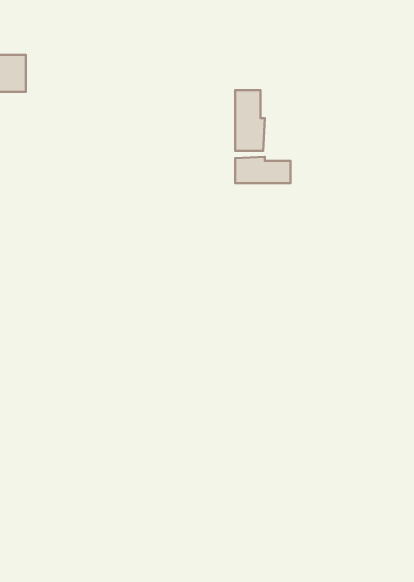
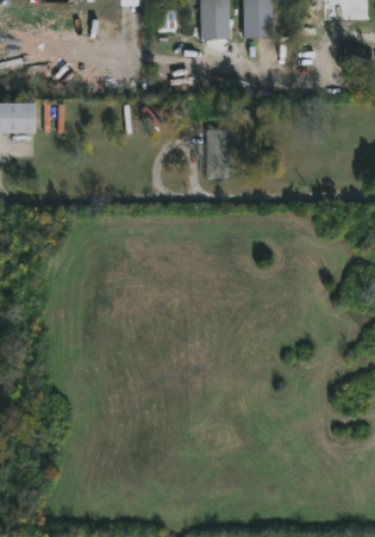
building: [235,157,290,183] -> none

